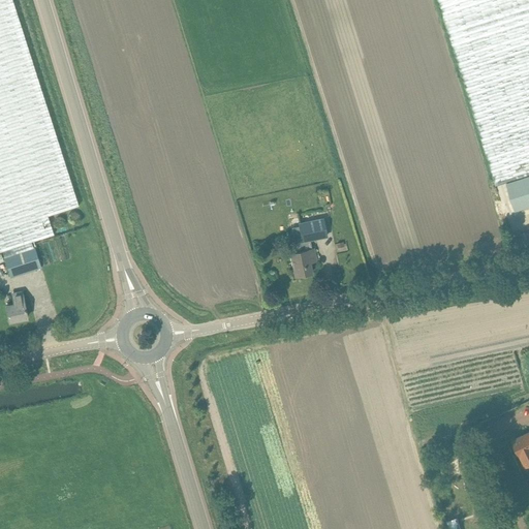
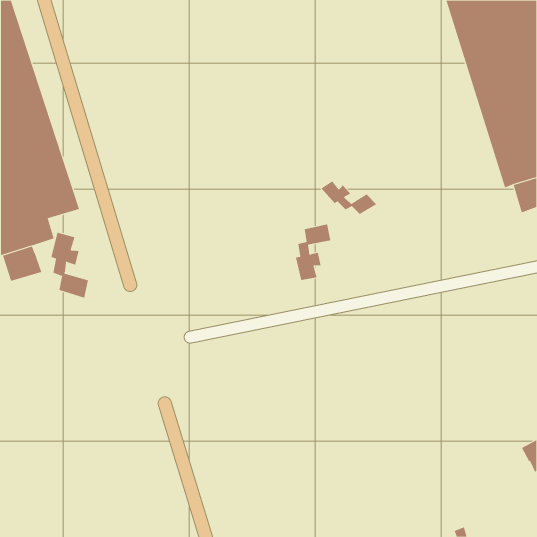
building: none -> [321,181,377,215]
building: none -> [51,232,88,299]
building: [6,292,27,321] -> none

